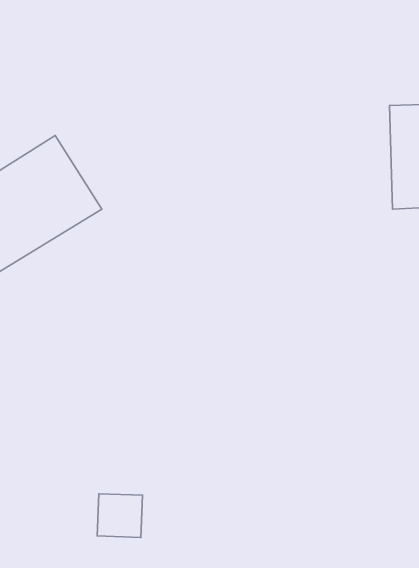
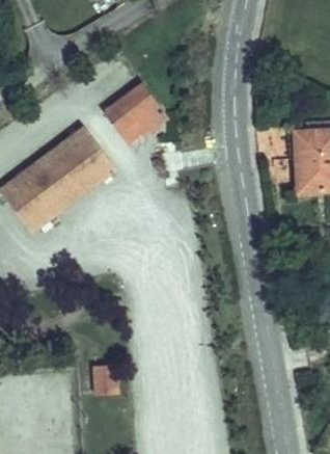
building: none -> [97,95,155,145]

